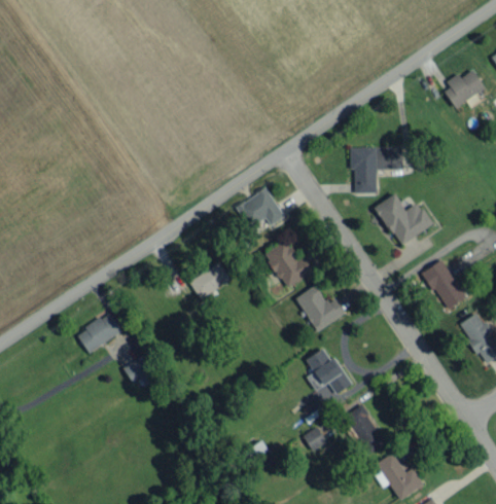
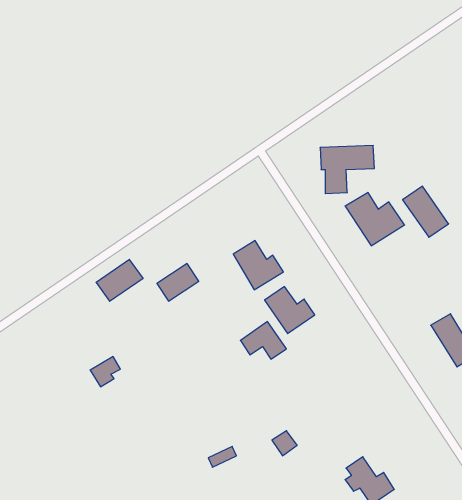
building: [442,69,485,108] -> none
building: [236,188,284,228] -> none
building: [422,259,467,310] -> [403,186,449,237]
building: [76,312,122,353] -> [96,259,143,301]
building: [307,357,352,394] -> [240,322,286,359]
building: [345,405,386,454] -> none

